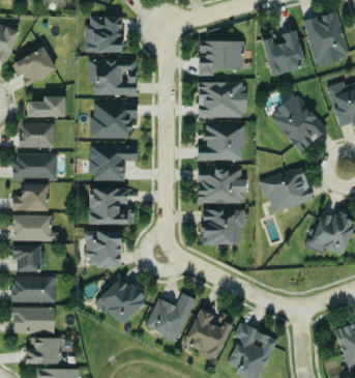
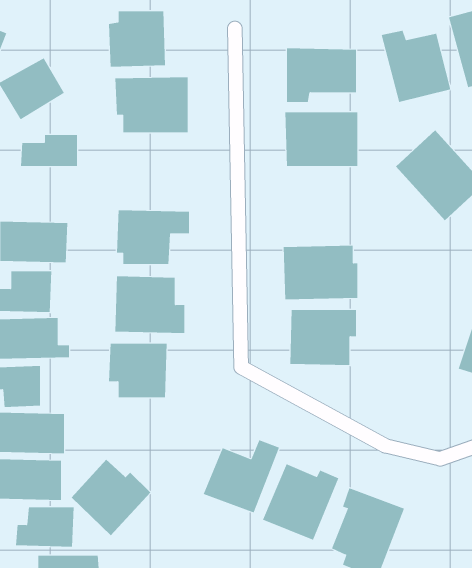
building: [91,101,138,138] -> none
building: [20,122,55,148] -> none
building: [197,124,245,161] -> none
building: [259,166,313,213] -> none
building: [95,277,147,326] -> [71,459,151,536]

